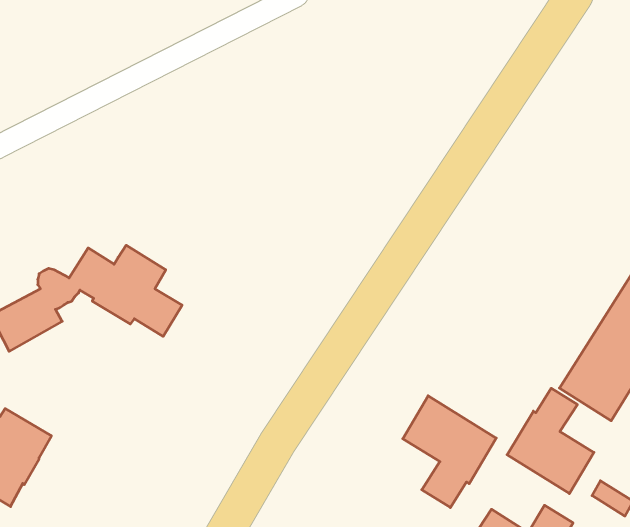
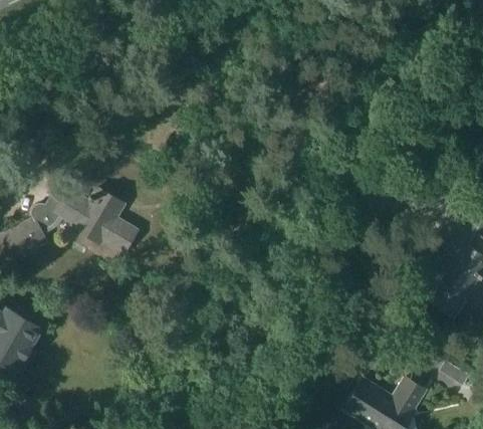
building: [507,388,594,494] -> none
building: [403,396,496,508] -> none

